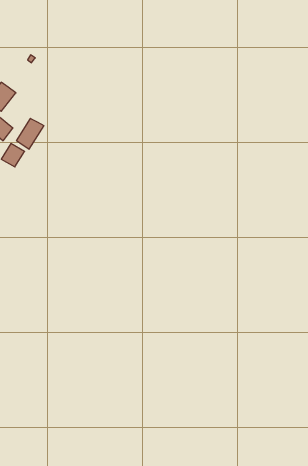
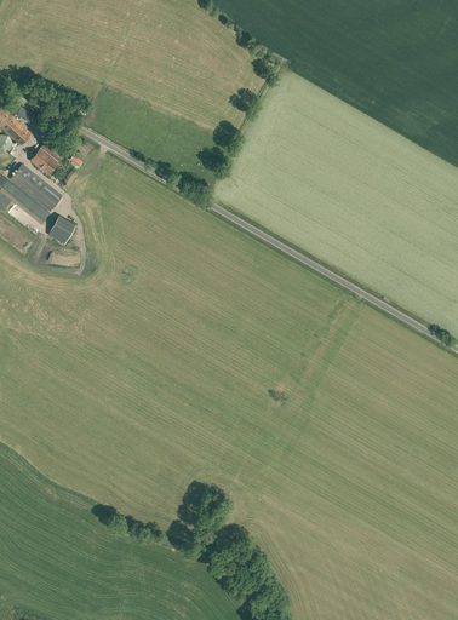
building: [17,118,44,149] -> none

